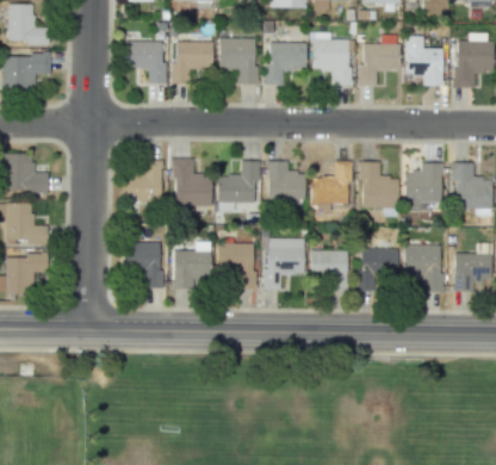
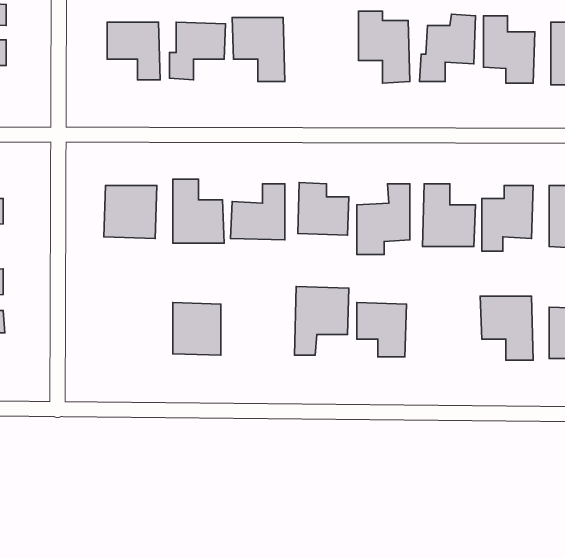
building: [266,42,306,85] -> none
building: [124,241,161,285] -> none
building: [217,242,255,289] -> none
building: [359,247,398,290] -> none

